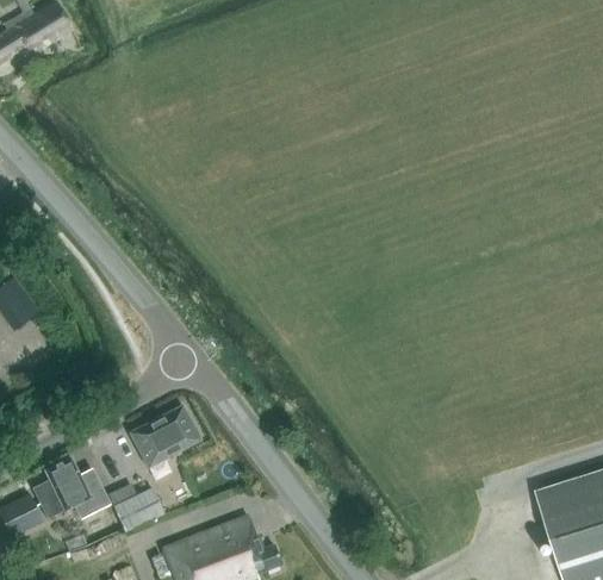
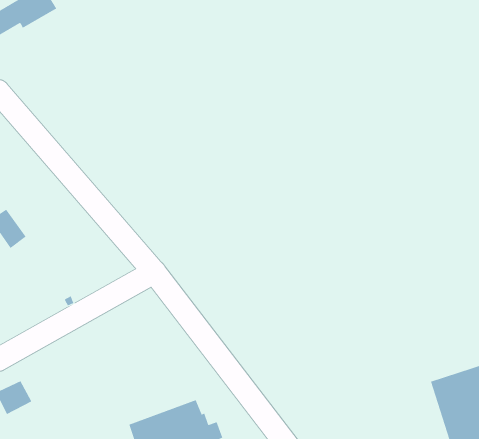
building: [129,405,200,468] -> none
building: [31,457,88,517] -> none
building: [108,484,164,531] -> none

